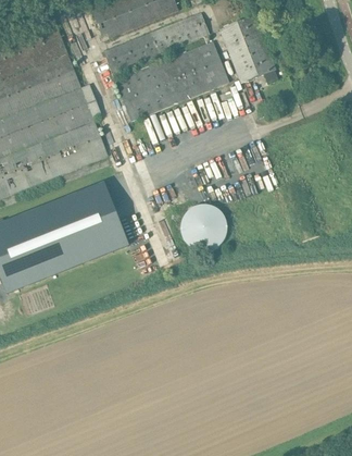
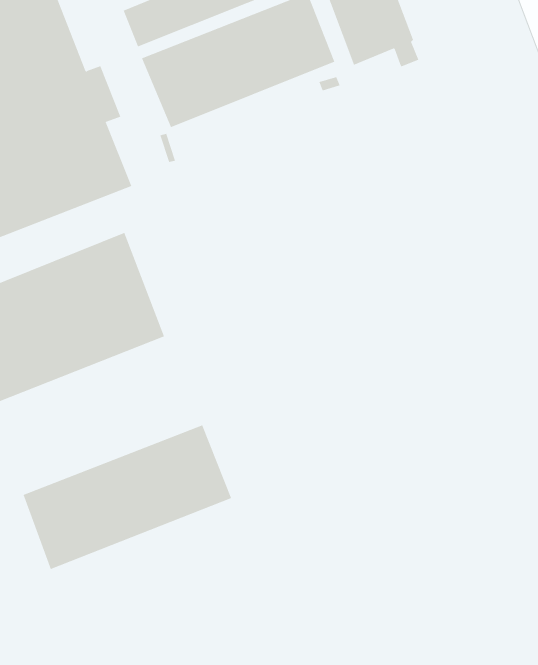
building: [179,205,227,251] -> none
building: none -> [23,425,232,570]

